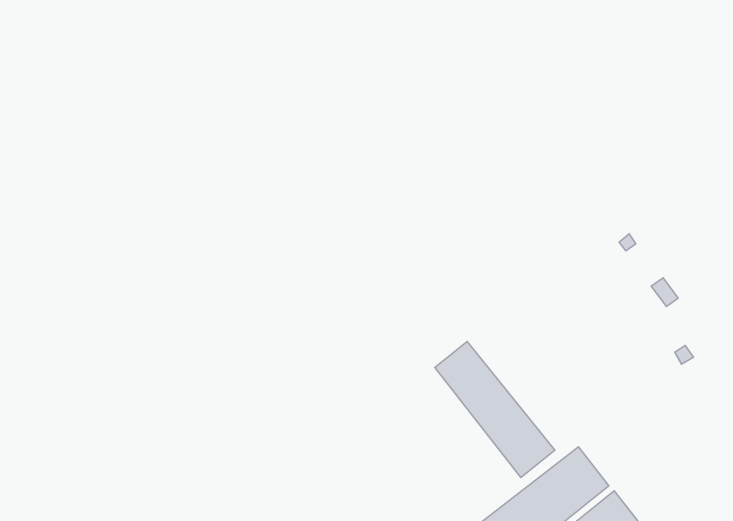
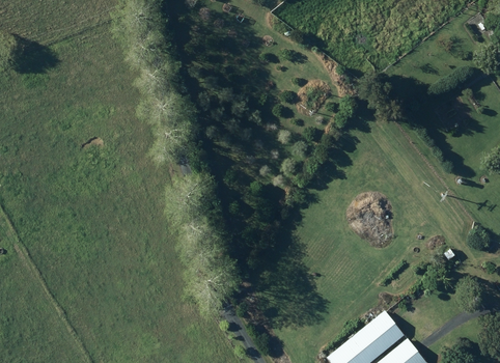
building: [435,341,555,477] -> none

